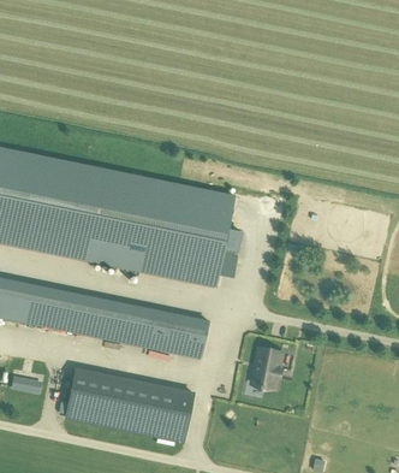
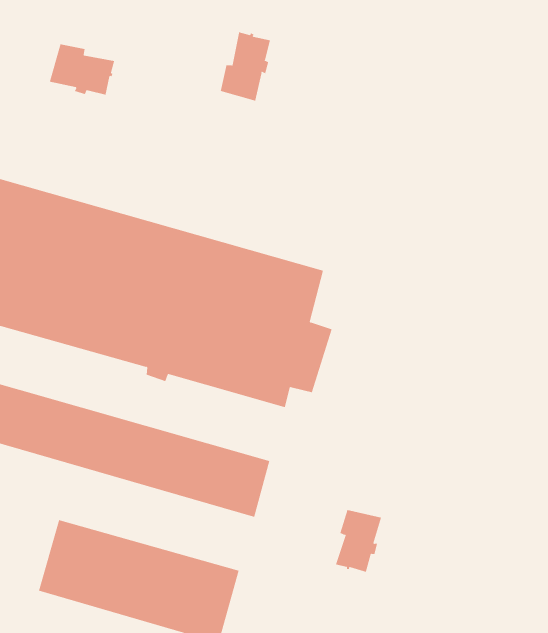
building: none -> [220,31,271,101]
building: none -> [49,43,115,95]

